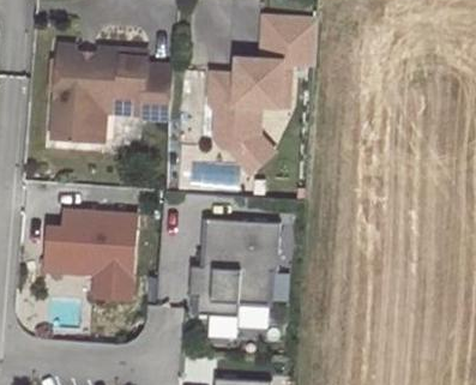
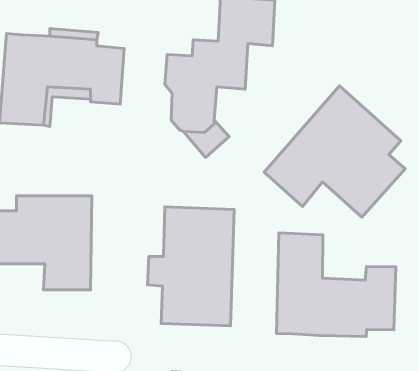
building: none -> [264,86,405,217]
building: none -> [277,233,396,337]

